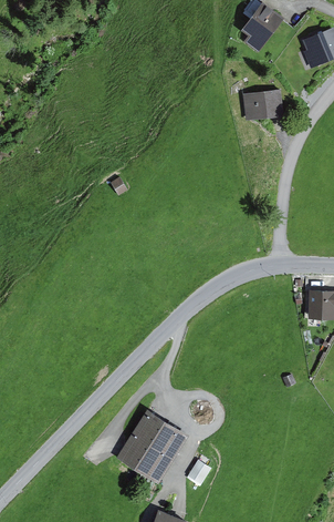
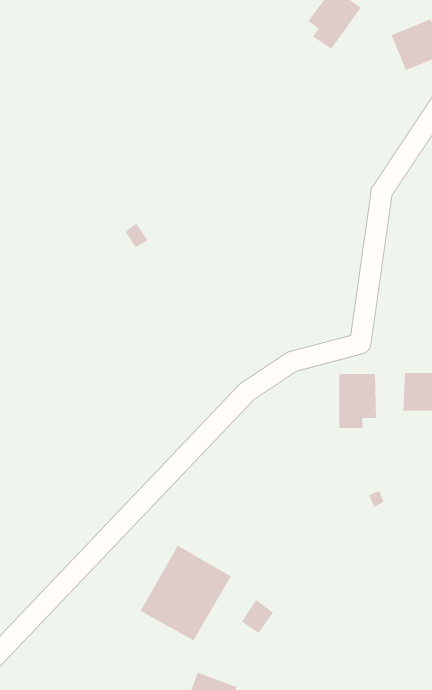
building: [241,89,280,120] -> none
building: none -> [339,373,377,429]

